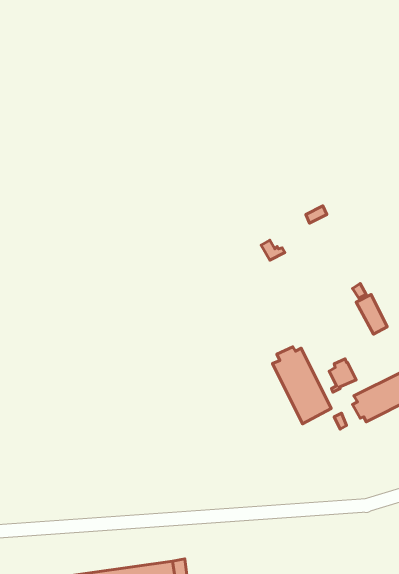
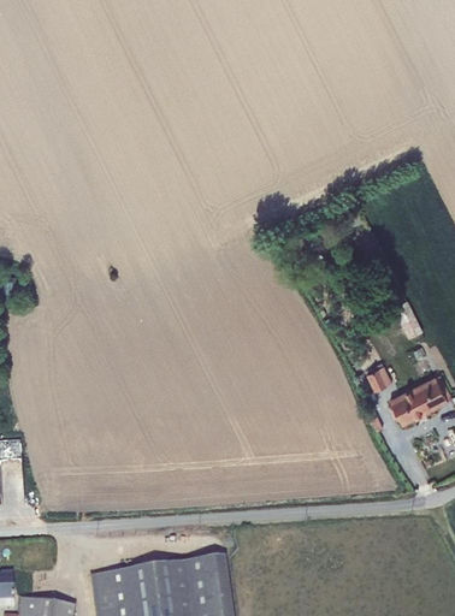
building: [272,347,331,424] -> none

